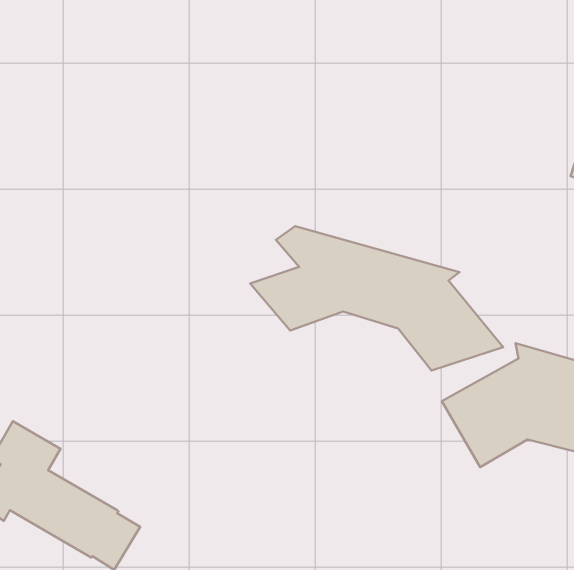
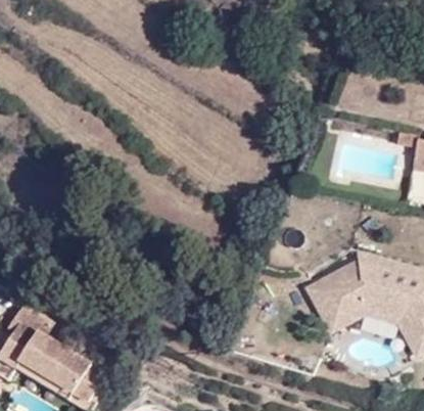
building: [250,226,503,371] -> none

